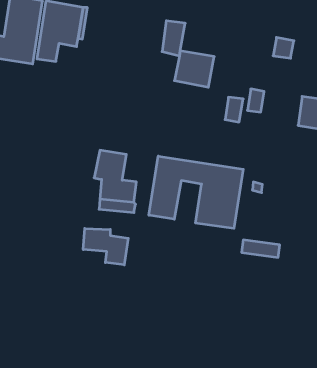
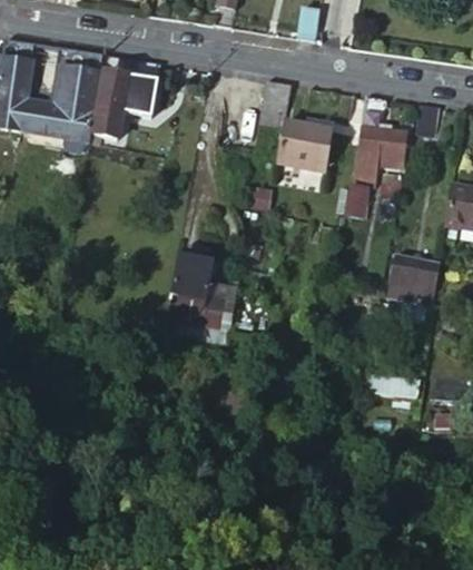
building: none -> [352,98,401,183]
building: none -> [390,256,437,303]
building: [149,156,243,228] -> none
building: [83,228,128,265] -> none

